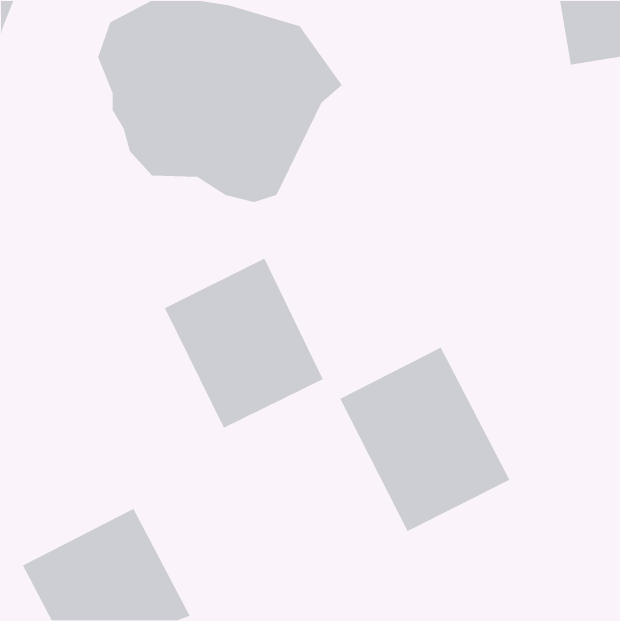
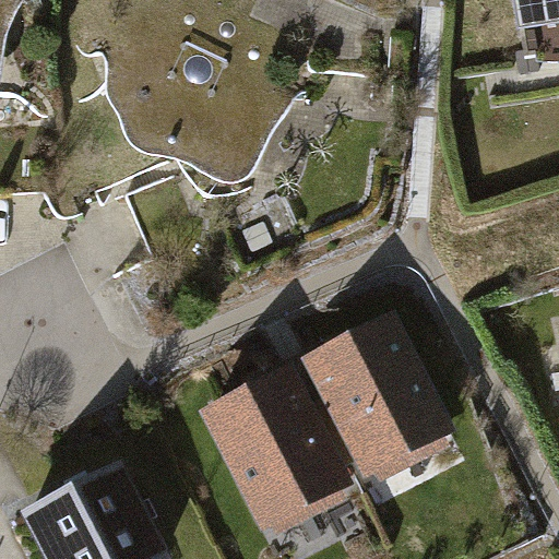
building: [164,258,324,429] -> none
building: none -> [202,365,355,533]

